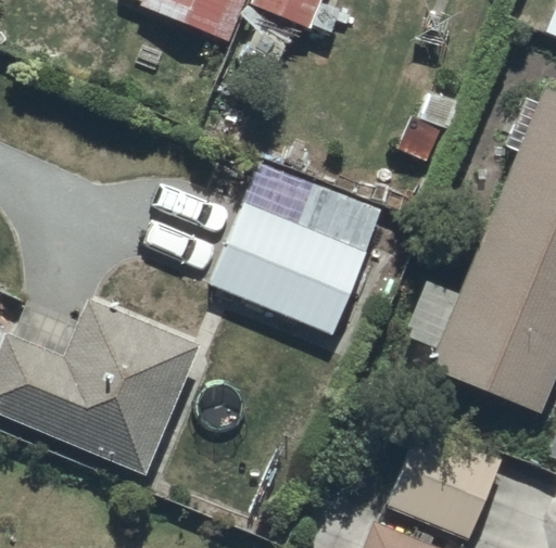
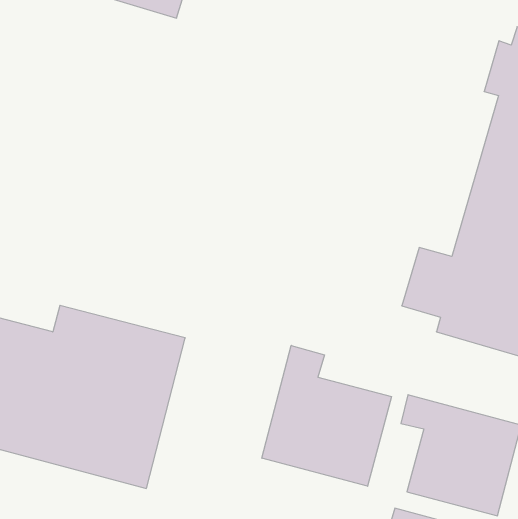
building: [207,165,384,336] -> none
building: none -> [262,345,391,486]

